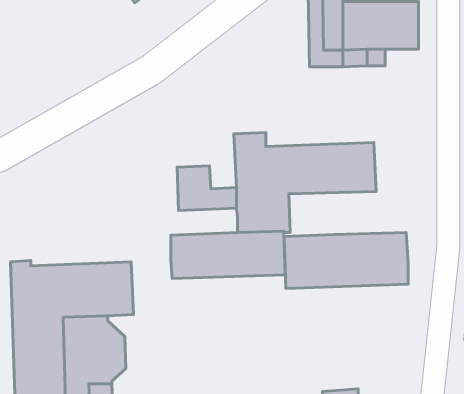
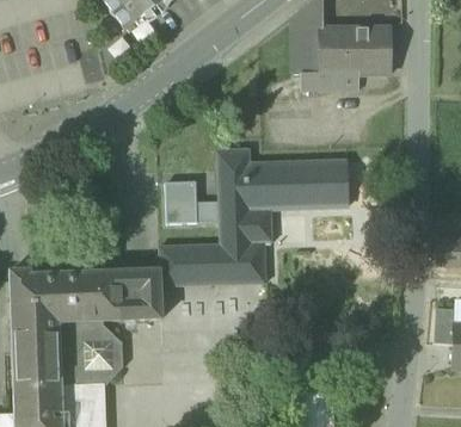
building: [284,232,408,288] -> none
building: none -> [123,270,161,320]

